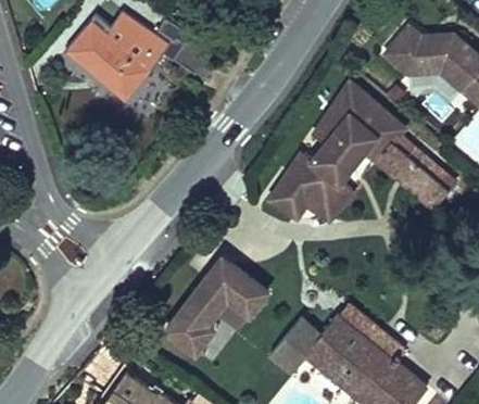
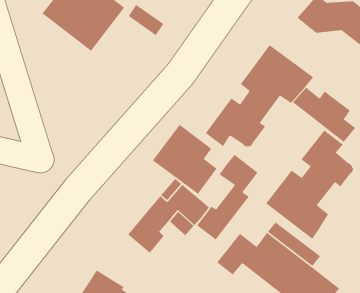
building: none -> [152,124,217,195]
building: none -> [265,129,354,240]
building: none -> [196,154,259,241]

